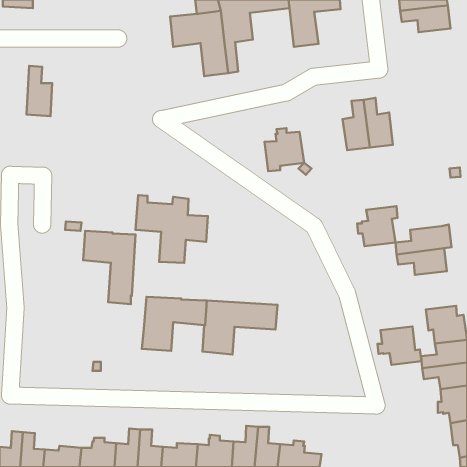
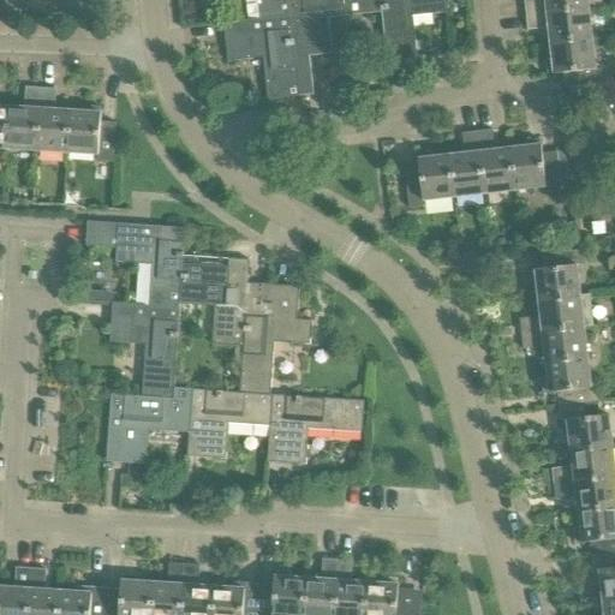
building: none -> [545,37,601,86]
building: none -> [5,86,38,150]
building: none -> [66,105,114,161]
building: none -> [510,139,569,192]
building: [265,128,304,171] -> [404,151,455,208]
building: none -> [85,220,184,308]
building: [357,206,397,246] -> [529,249,581,301]
building: none -> [238,283,311,394]
building: none -> [106,388,192,465]
building: [378,326,422,365] -> [541,356,598,406]

